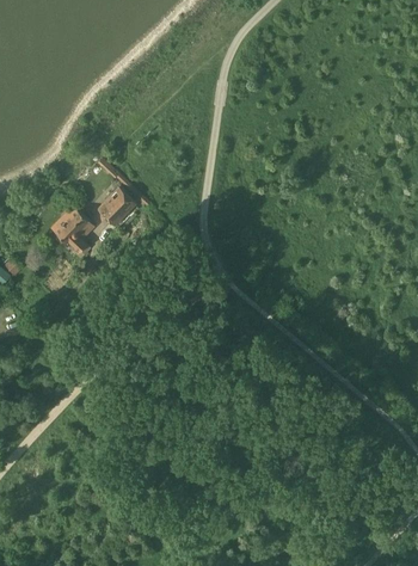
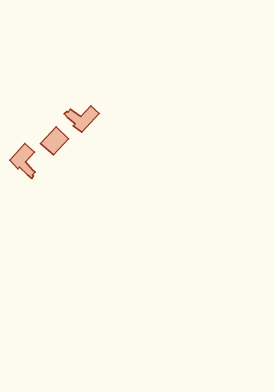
building: none -> [64,106,99,132]

